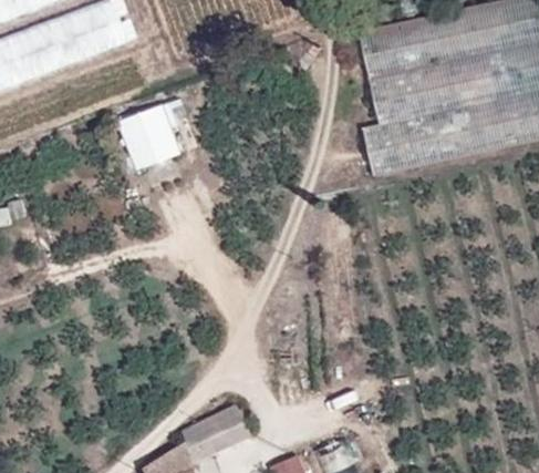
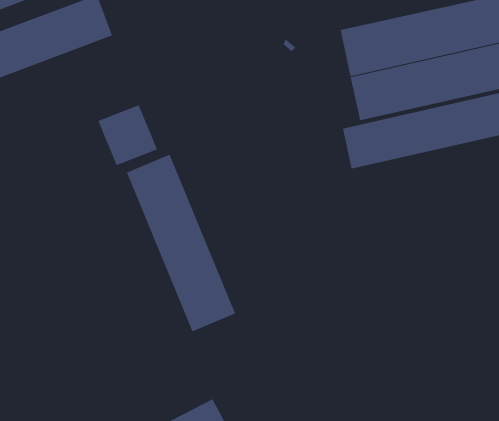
building: none -> [126,154,236,332]

